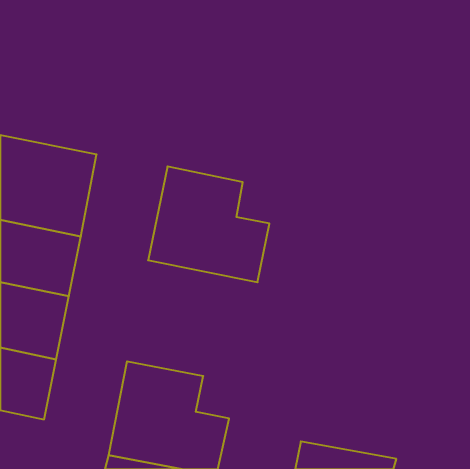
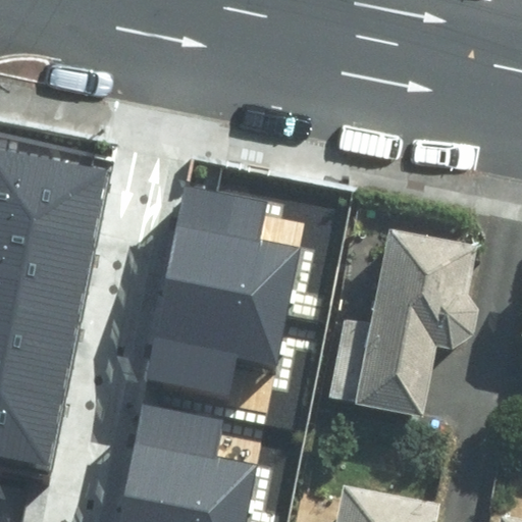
building: none -> [351,239,481,432]
building: none -> [146,289,285,396]

